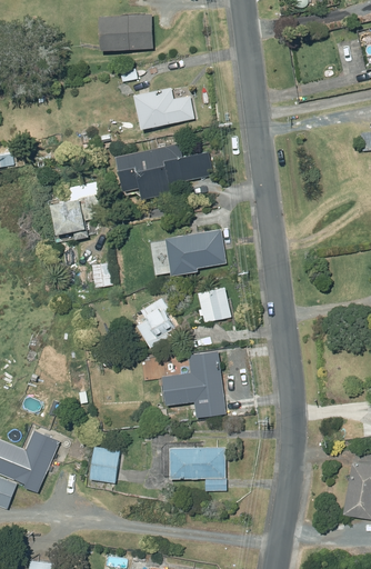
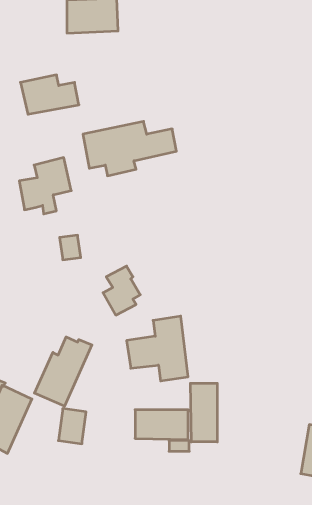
building: [133,89,194,130] -> [20,75,79,114]
building: [166,228,227,272] -> none
building: [198,284,231,321] -> none
building: none -> [34,337,92,406]
building: none -> [190,383,217,442]

